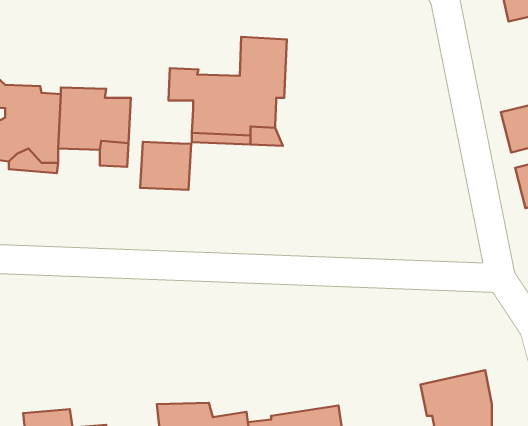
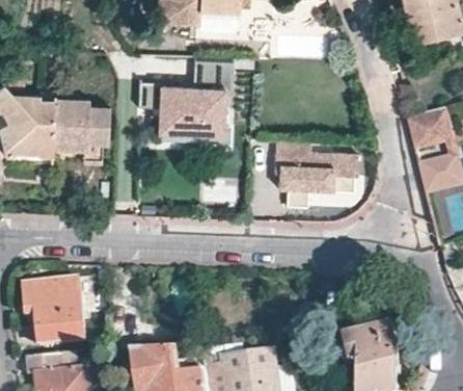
building: [140,142,191,190] -> none
building: none -> [276,140,359,207]
building: none -> [23,278,82,344]

